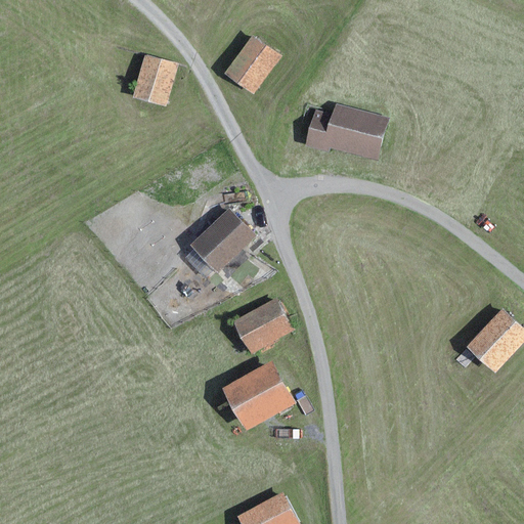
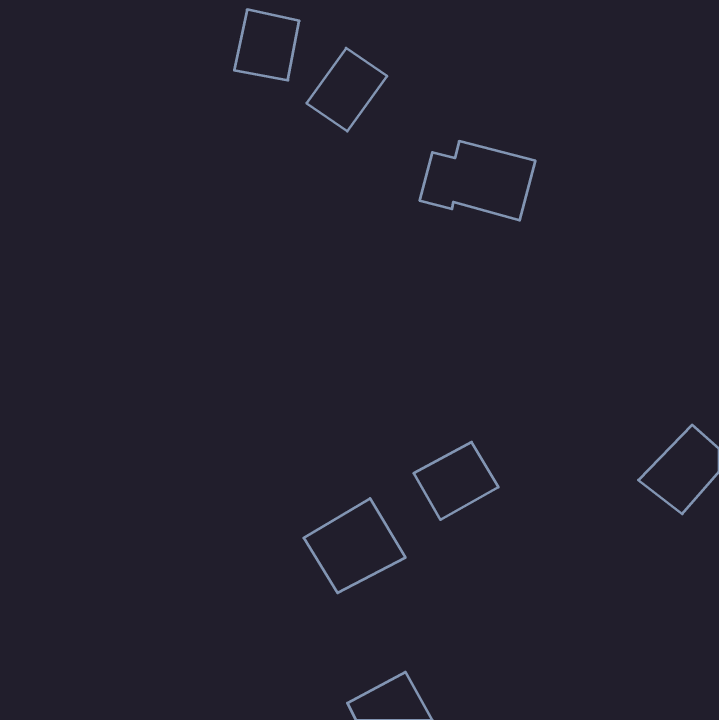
building: [134,56,181,107] -> [234,10,299,80]
building: [183,209,253,278] -> none
building: [231,298,293,354] -> [414,442,498,520]

